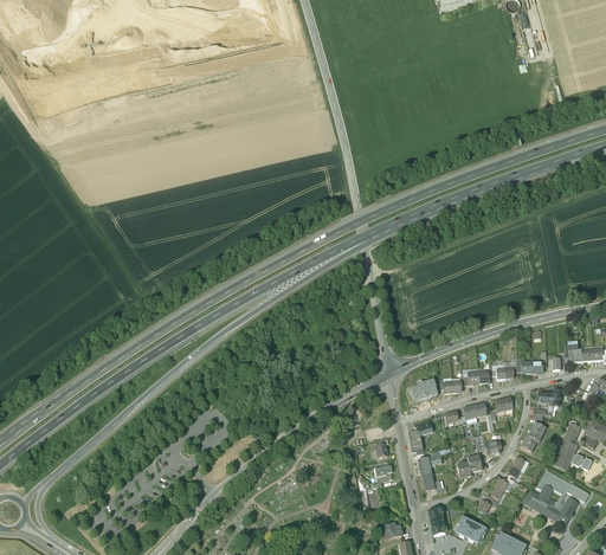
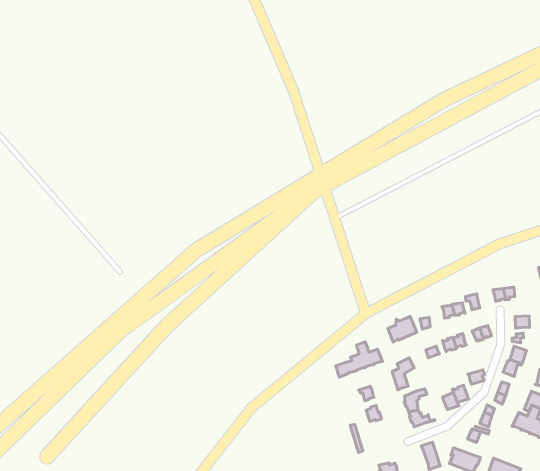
building: none -> [336,342,383,377]

